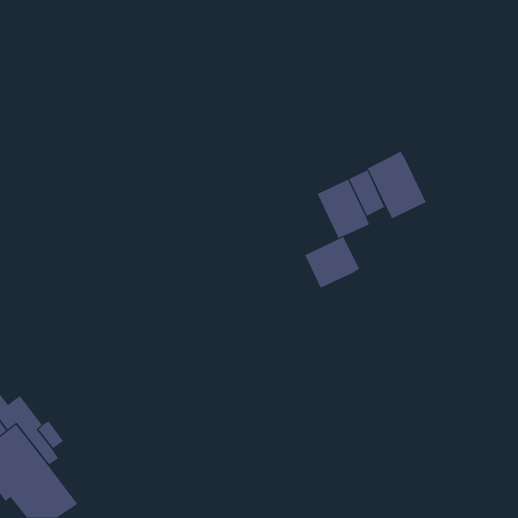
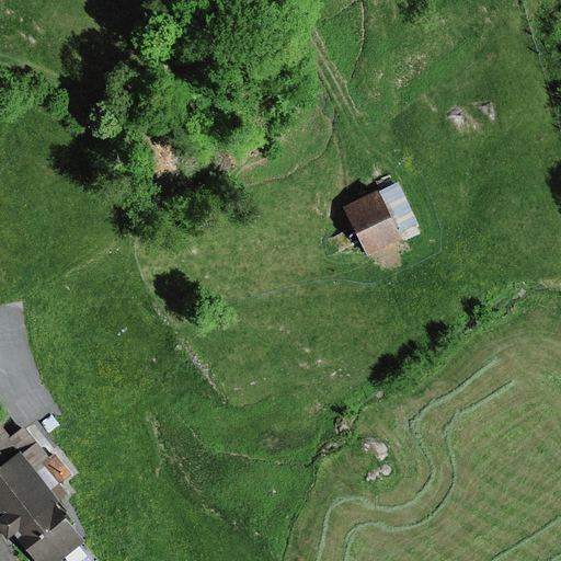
building: [367,151,427,219] -> none
building: [305,236,360,288] -> none

